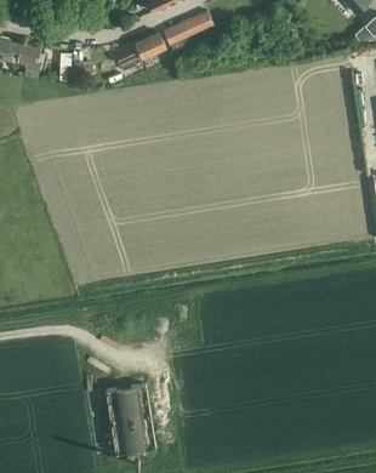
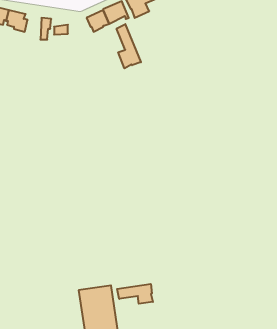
building: none -> [117,24,141,68]
building: none -> [117,284,153,304]

